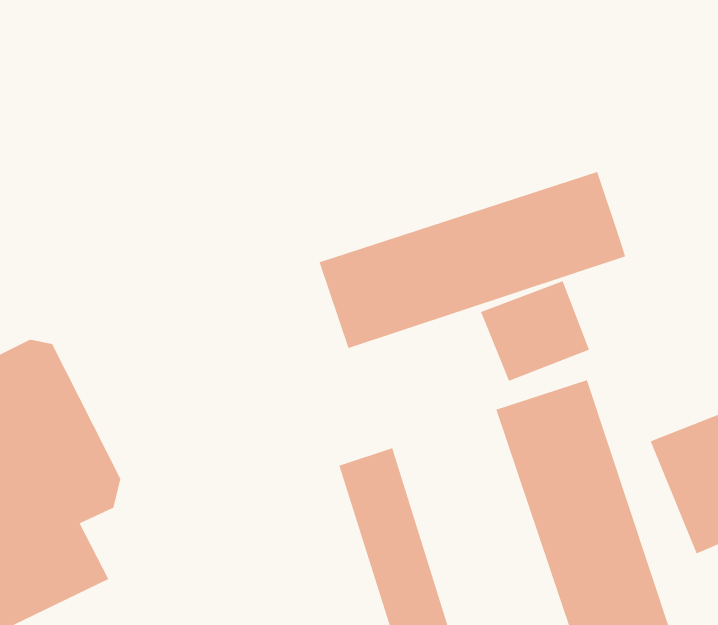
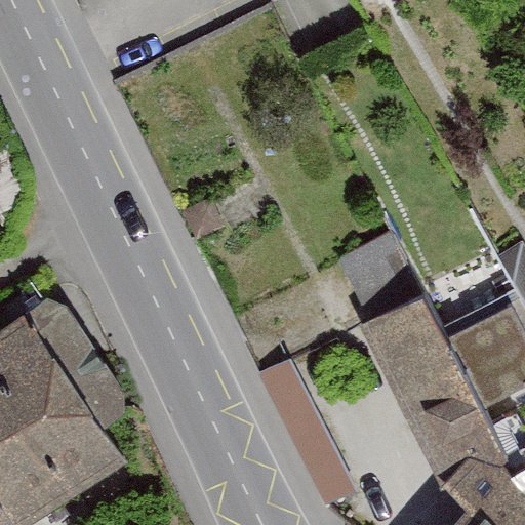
building: [319,171,626,349] -> none

